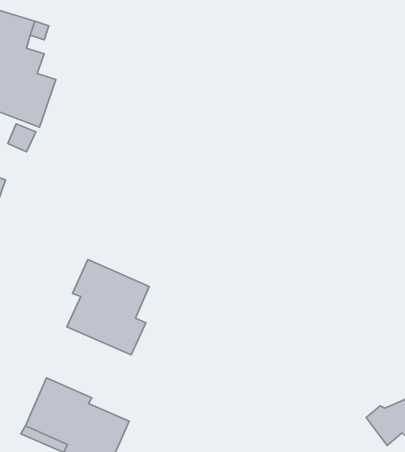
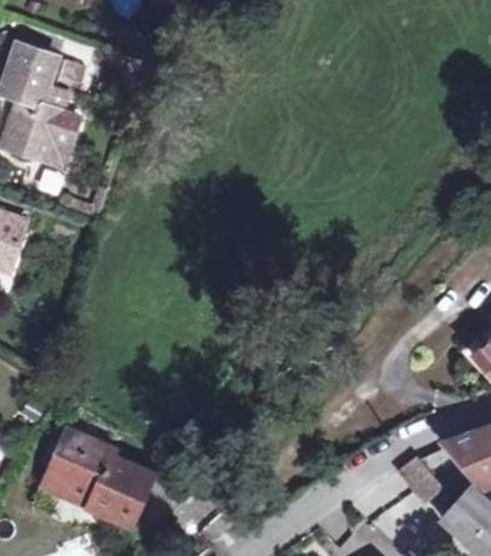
building: [67,260,149,355] -> none

